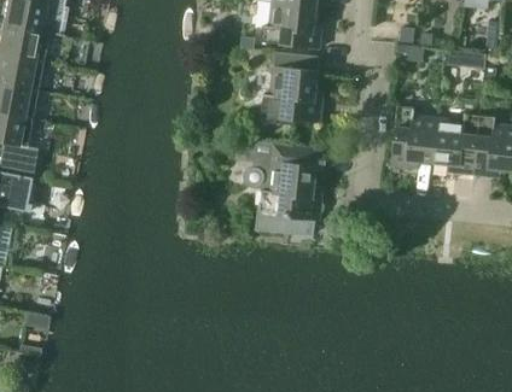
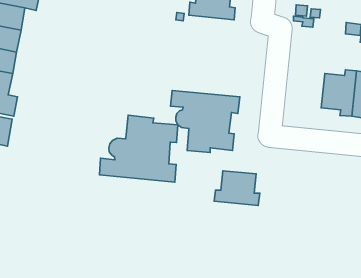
building: [260,53,322,127] -> none
building: [391,107,438,168] -> none
building: none -> [99,115,178,182]
building: none -> [214,171,260,205]

